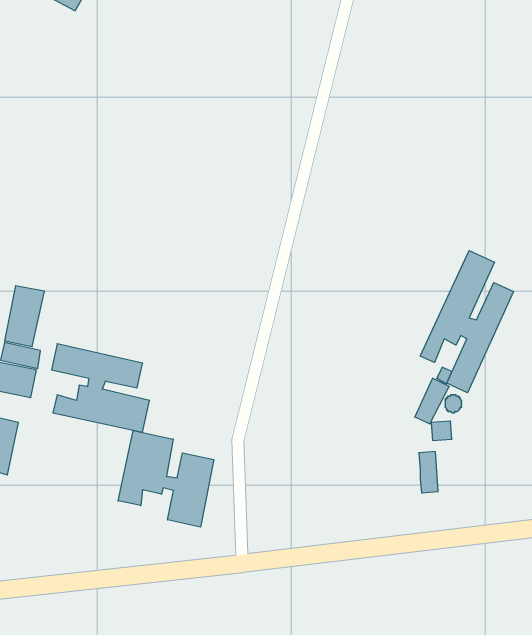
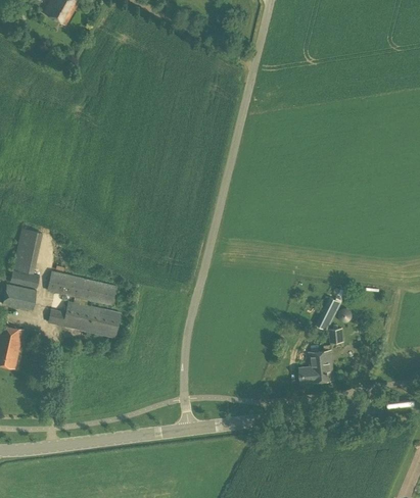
building: [420,251,514,393] -> none
building: [118,430,214,527] -> none
building: none -> [298,352,321,385]

